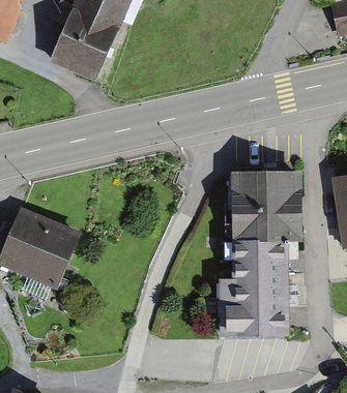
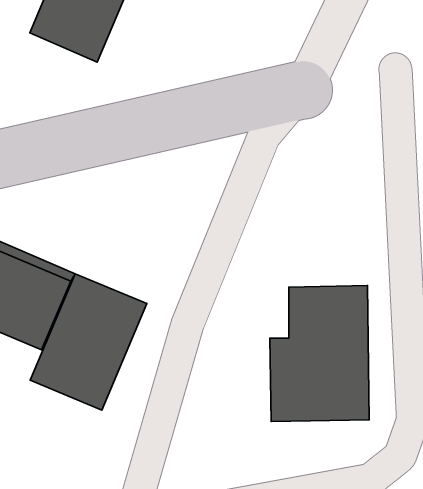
building: [231,171,301,242] -> none
building: none -> [30,274,147,410]

